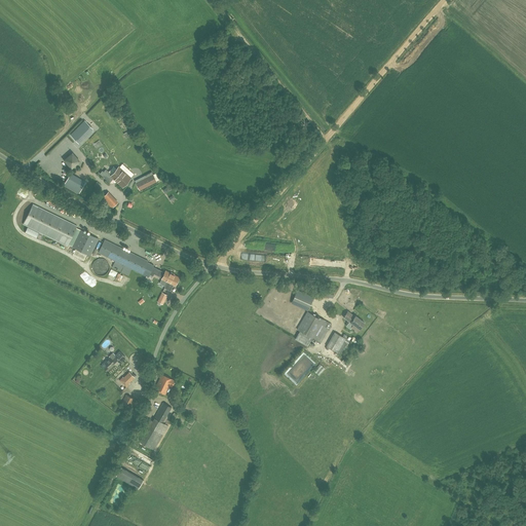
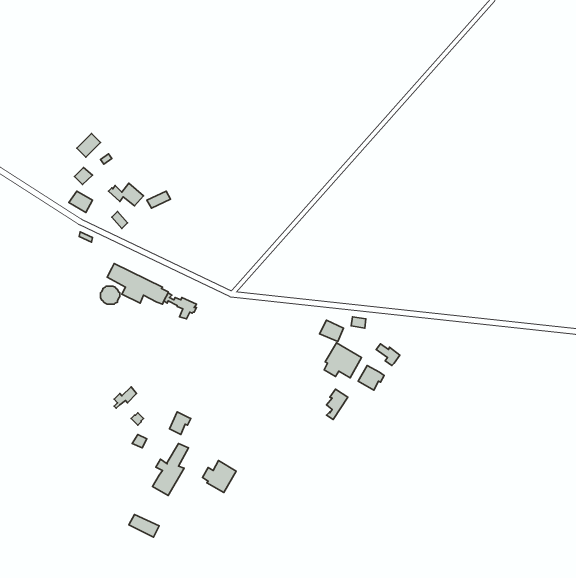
building: [23,204,76,246] -> none
building: [71,230,98,256] -> none
building: none -> [203,460,236,493]

